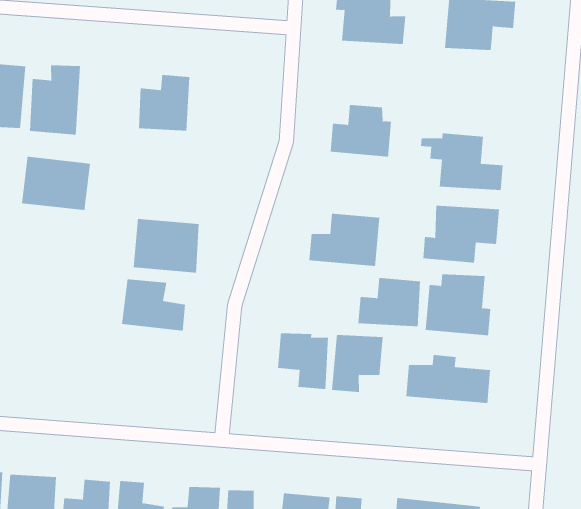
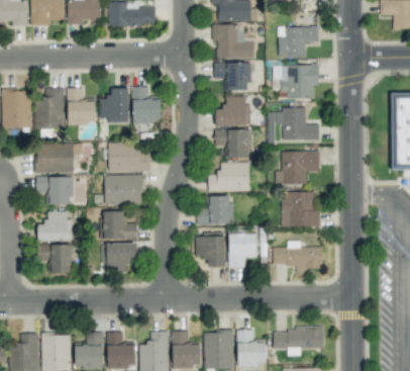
building: none -> [213,63,250,90]
building: none -> [273,65,318,98]
building: none -> [67,87,95,124]
building: none -> [131,86,161,123]
building: none -> [214,129,250,158]
building: none -> [108,143,150,172]
building: none -> [35,176,72,204]
building: none -> [36,211,73,241]
building: [358,278,421,327] -> [196,196,232,224]
building: none -> [38,245,74,272]
building: none -> [102,243,137,271]

